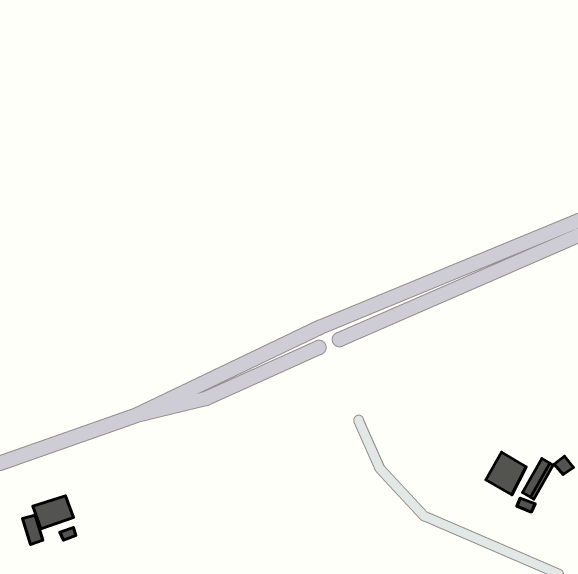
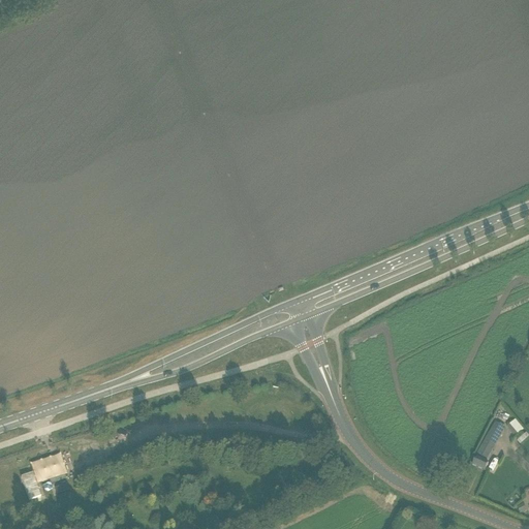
building: [486,452,526,495] -> none

